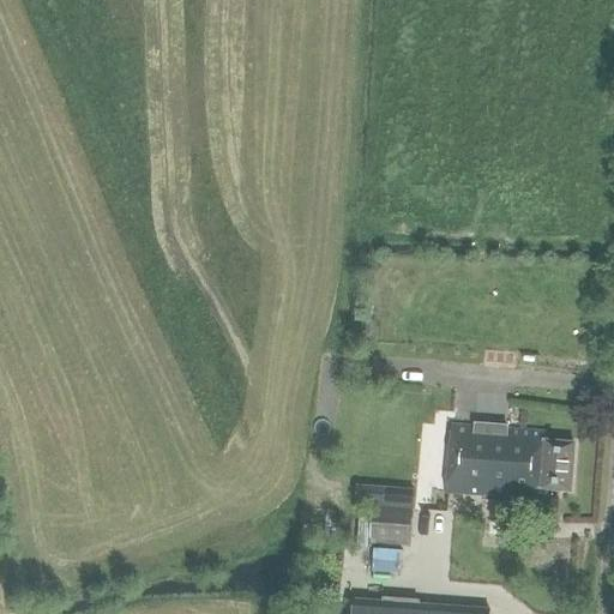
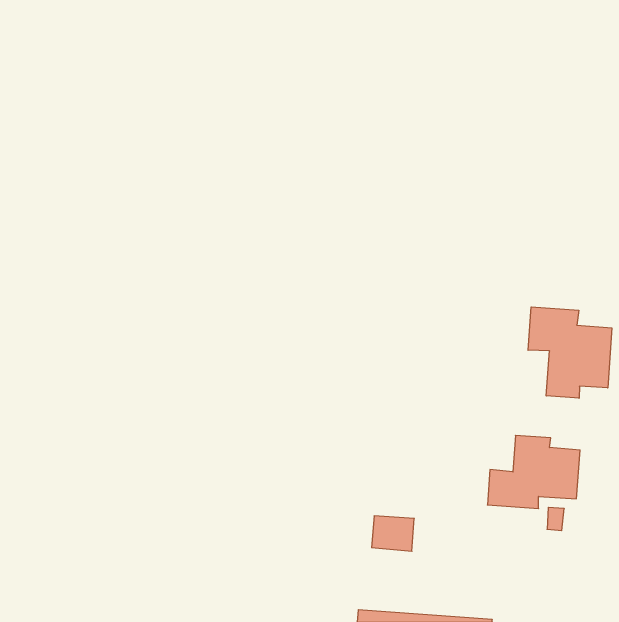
building: none -> [528,307,612,398]
building: [444,425,507,496] -> none

